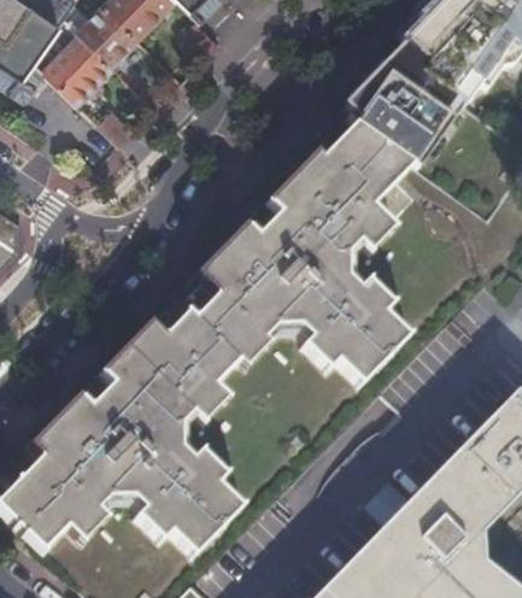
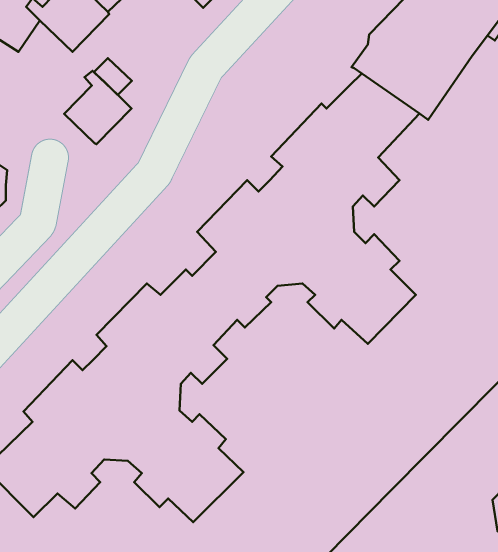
building: none -> [64,71,131,144]

